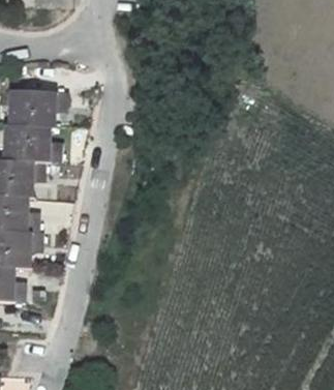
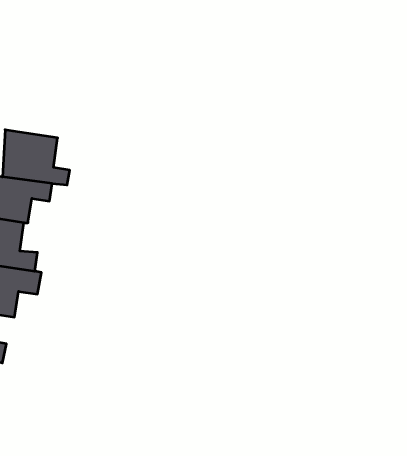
building: [17,86,73,128] -> none

